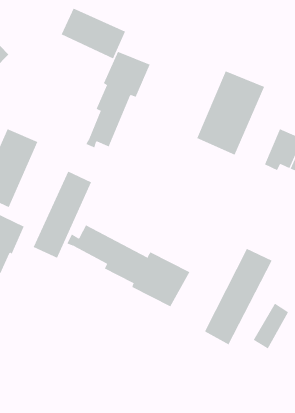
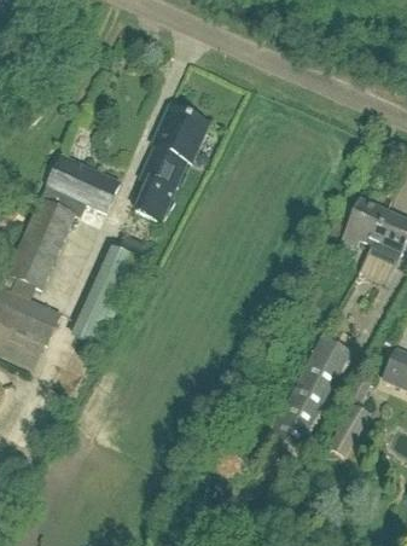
building: [61,8,126,59] -> [45,152,121,213]
building: [196,70,265,155] -> none
building: [67,224,190,307] -> none

